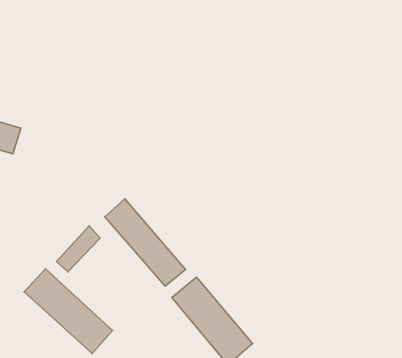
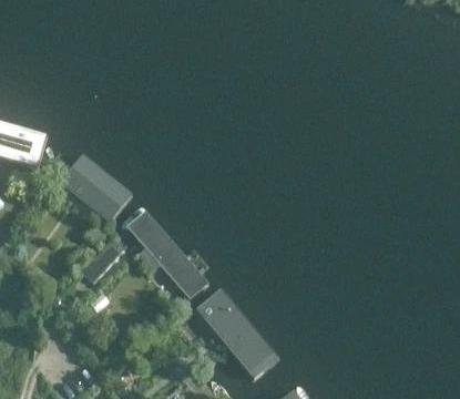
building: none -> [59,152,134,224]
building: [24,269,112,353] -> none

